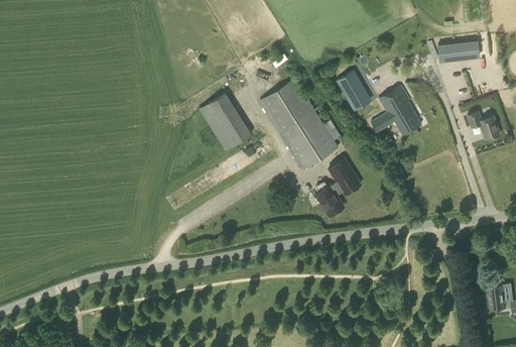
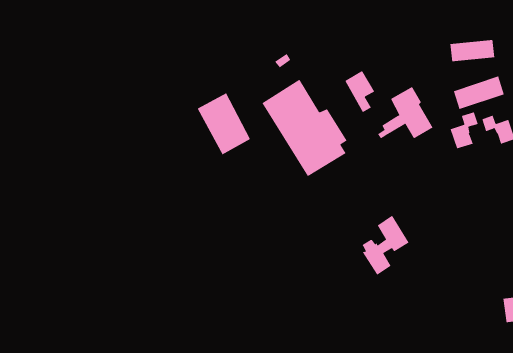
building: none -> [453,76,505,110]
building: none -> [450,111,479,149]
building: [315,158,361,216] -> [362,215,410,275]

